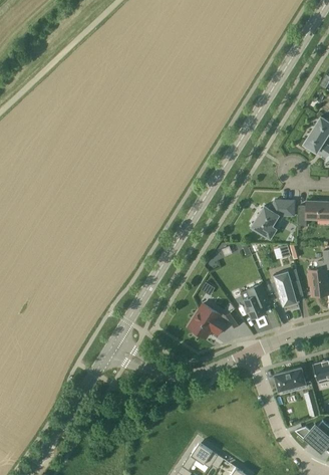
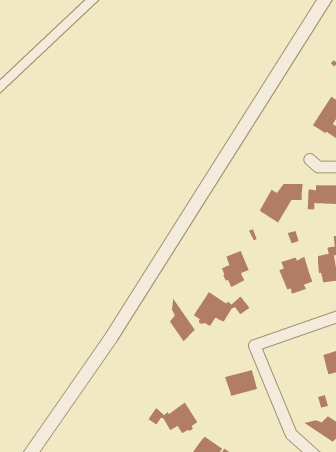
building: [243,282,270,318] -> [221,250,250,288]
building: none -> [169,297,196,342]
building: [274,368,306,394] -> [224,369,258,397]
building: none -> [147,401,198,434]

